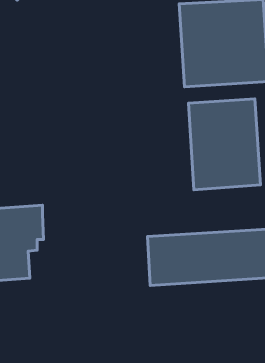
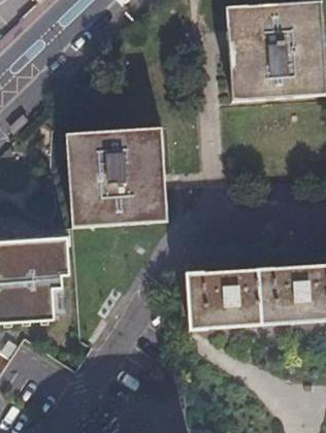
building: [188,99,260,190] -> none
building: none -> [65,127,166,227]

